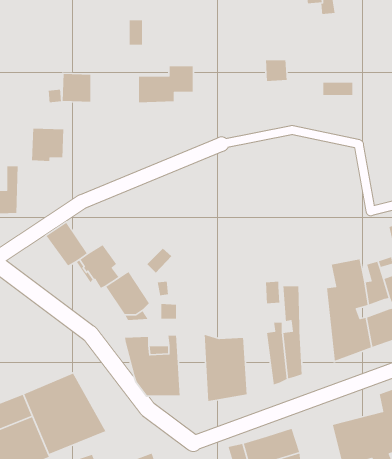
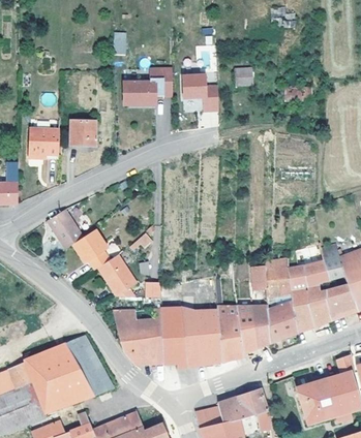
building: none -> [182,71,219,108]
building: [62,73,91,103] -> [71,119,97,145]
building: none -> [266,263,297,344]
building: none -> [217,307,243,362]
building: none -> [158,308,185,369]
building: none -> [67,334,116,394]

